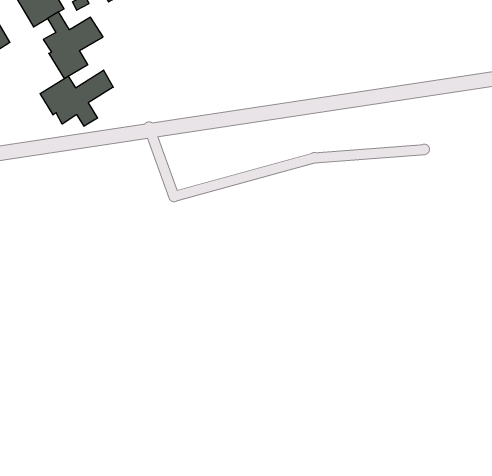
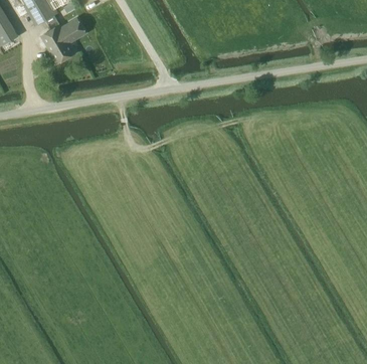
building: [40,70,113,126] -> none

